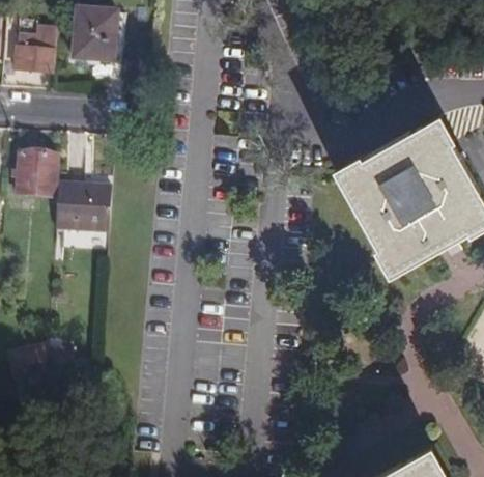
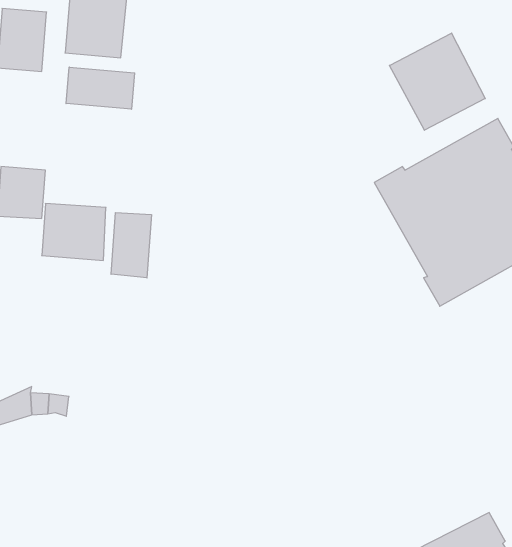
building: none -> [389,33,485,130]
building: none -> [66,67,135,109]
building: none -> [111,213,151,278]

